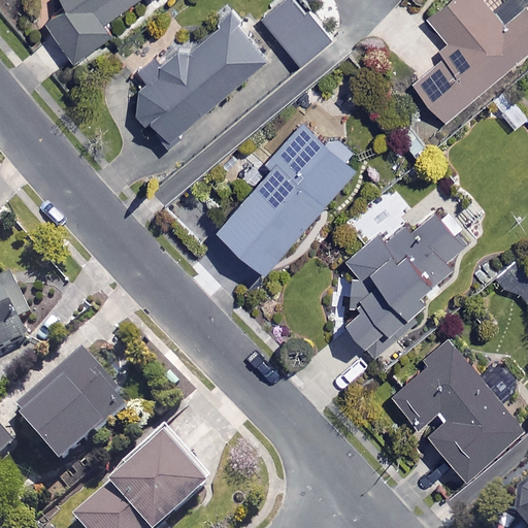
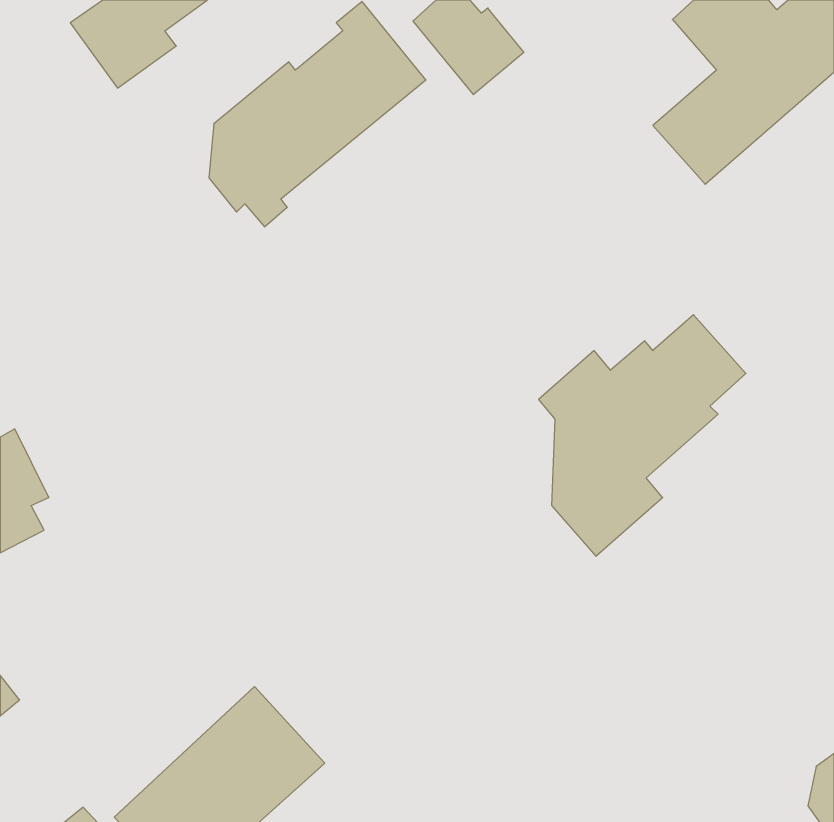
building: [216,121,355,267] -> none
building: [387,341,523,475] -> none
building: [14,359,125,467] -> none

